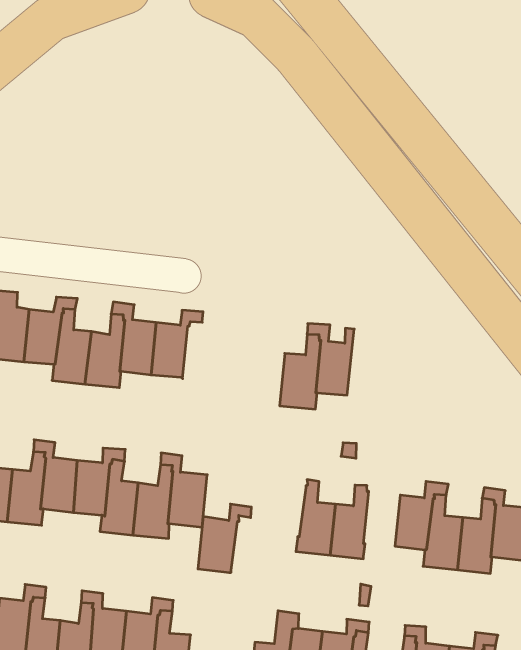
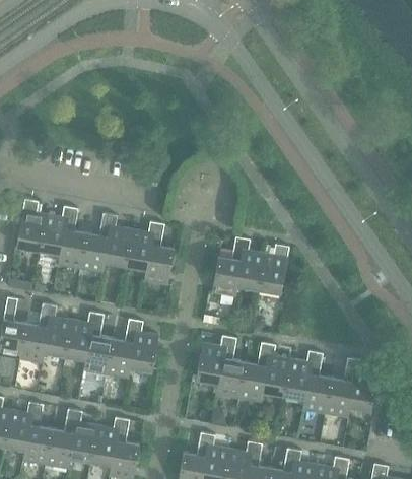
building: none -> [144,231,175,285]
building: none -> [259,245,289,293]
building: none -> [260,344,290,395]
building: [198,504,251,573] -> [197,337,236,384]

